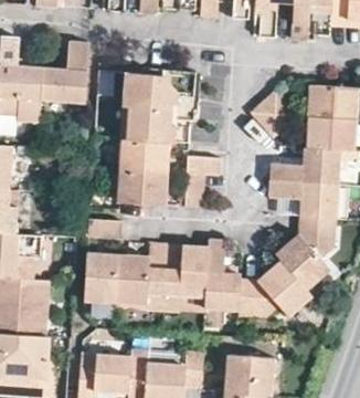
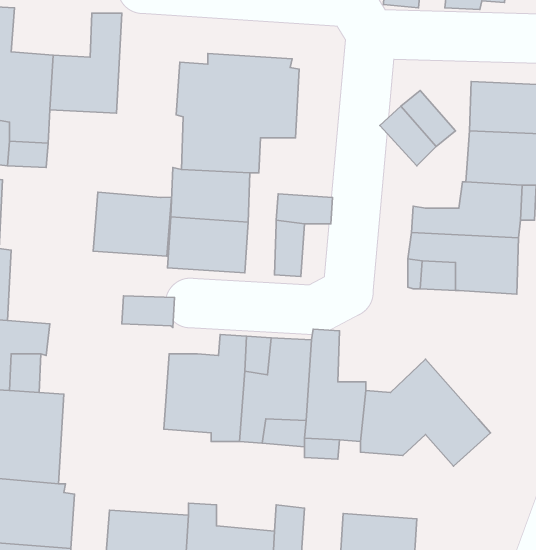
building: none -> [93,192,172,256]
building: [275,216,338,296] -> none
building: [84,253,118,303] -> none

